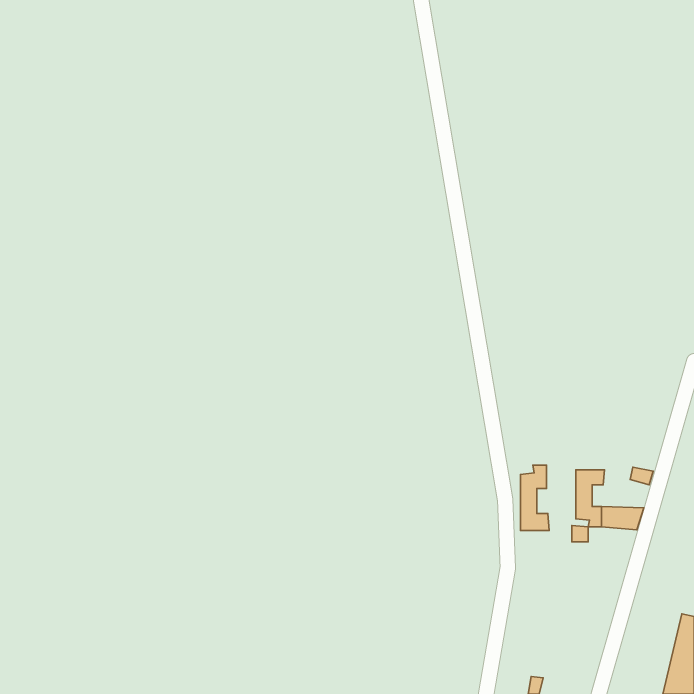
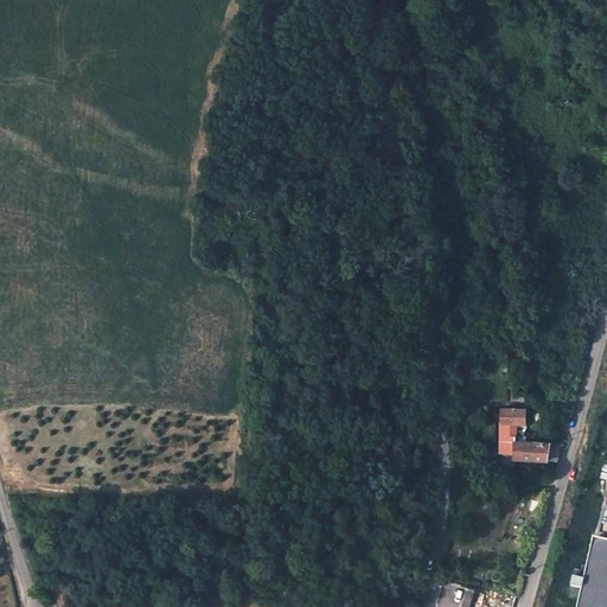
building: [520,465,549,531] -> none

